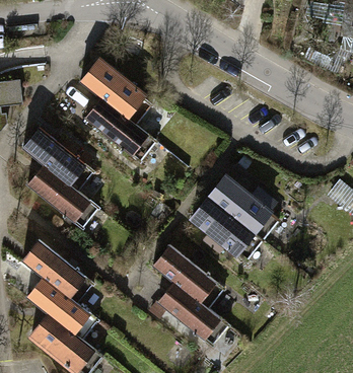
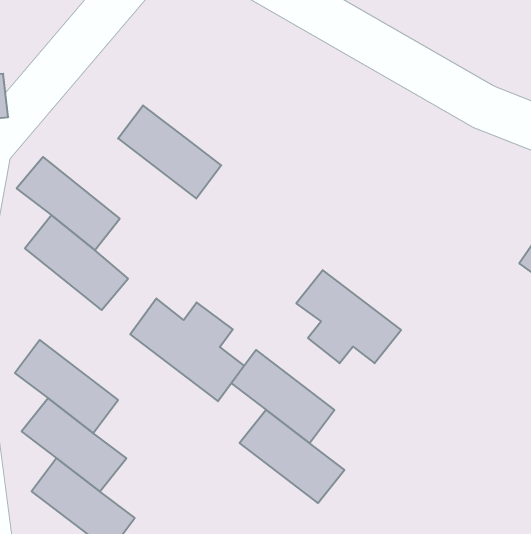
building: [79,62,143,119] -> none
building: [210,178,277,235] -> none
building: none -> [130,298,244,401]

